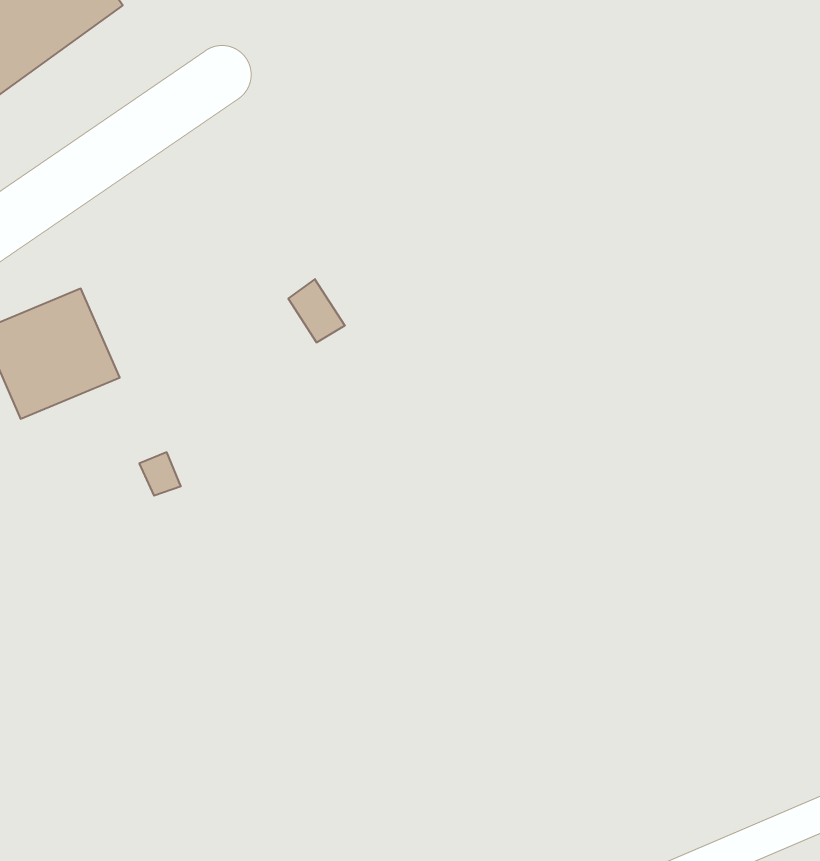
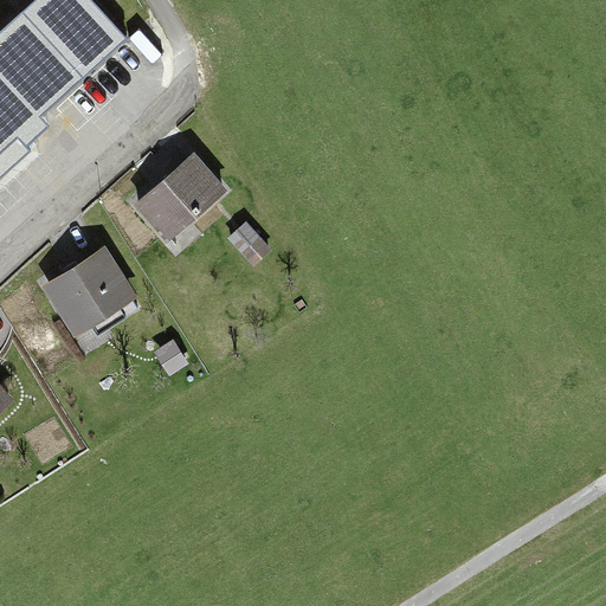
building: none -> [146,153,237,239]

